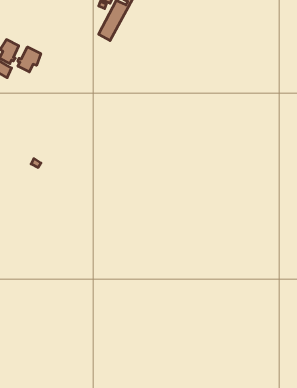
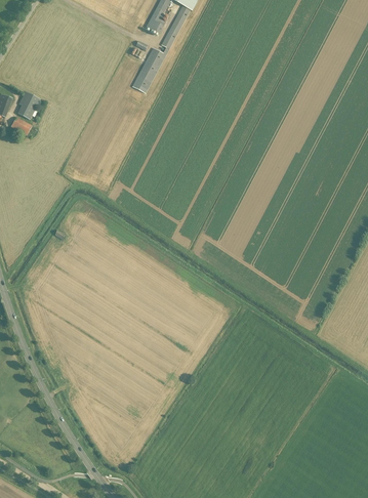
building: [18,47,41,72] -> none

